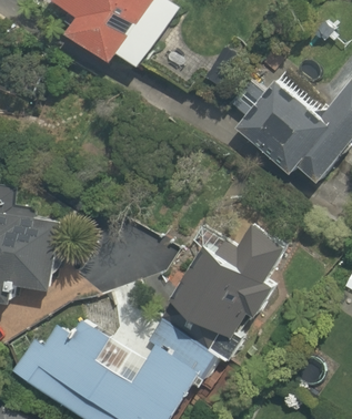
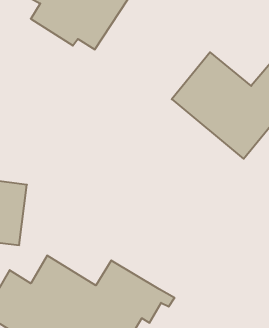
building: [165,228,285,340] -> none

